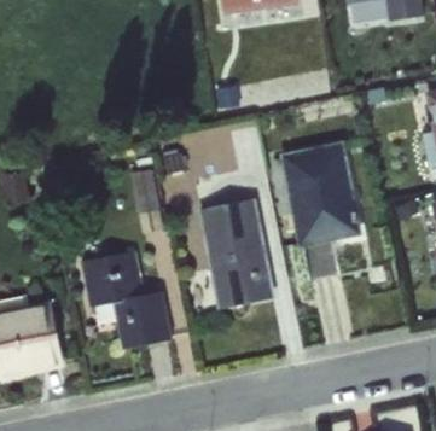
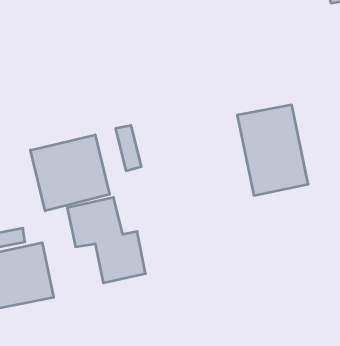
building: none -> [30,135,110,211]
building: [198,198,275,309] -> none

